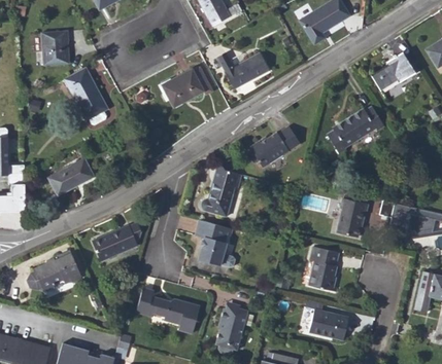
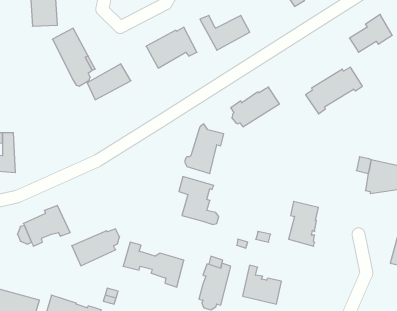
building: [48,157,94,194] -> [87,64,131,100]
building: [336,196,368,236] -> none
building: [92,222,141,260] -> [72,229,120,266]
building: [308,300,348,340] -> [243,265,281,304]

